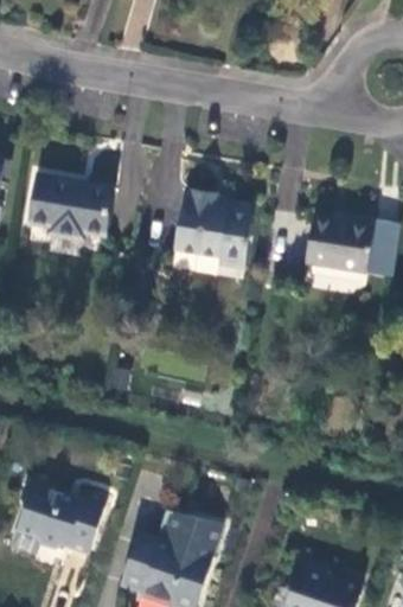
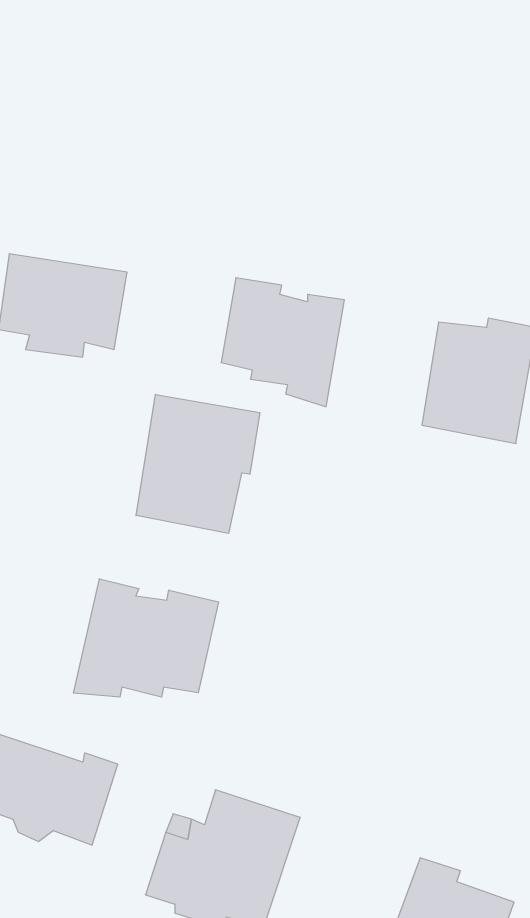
building: none -> [136,394,260,533]
building: none -> [73,579,219,697]

